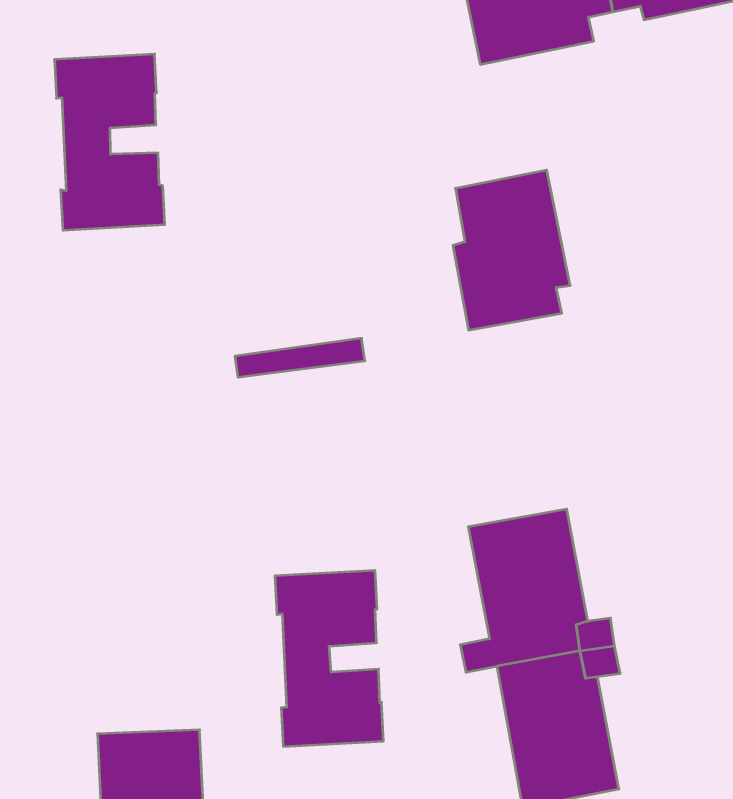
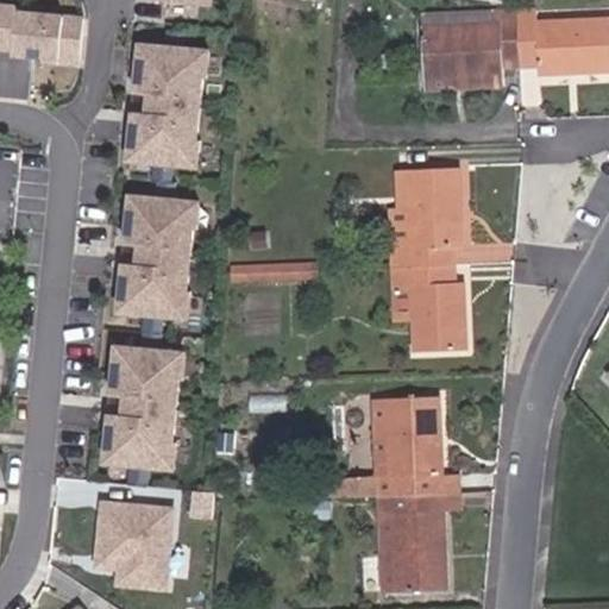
building: none -> [118,195,197,318]
building: none -> [390,264,466,352]
building: [275,570,383,746] -> [103,346,182,467]

